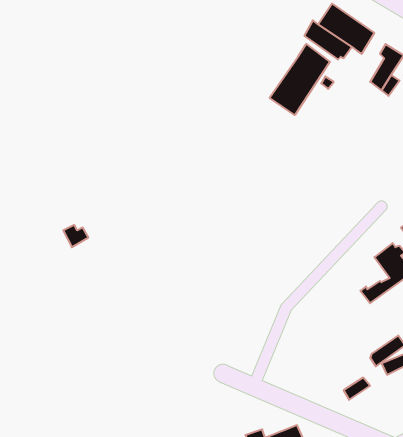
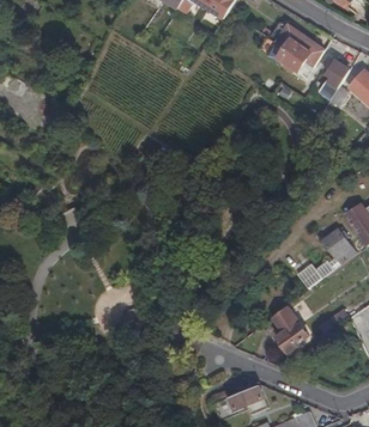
building: [270,44,330,115] -> none
building: none -> [271,306,308,354]

